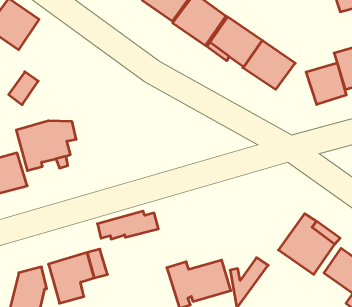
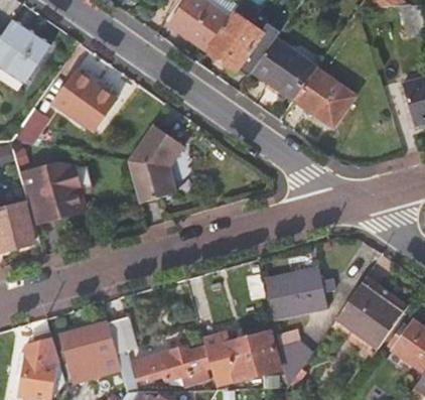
building: none -> [52,73,116,134]
building: [306,63,346,105] -> none
building: none -> [128,125,182,205]
building: none -> [267,266,330,322]
building: [97,211,158,239] -> [132,349,204,382]

